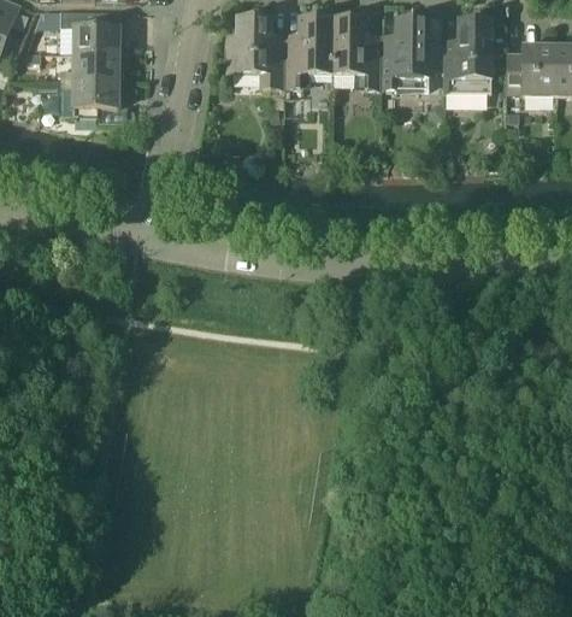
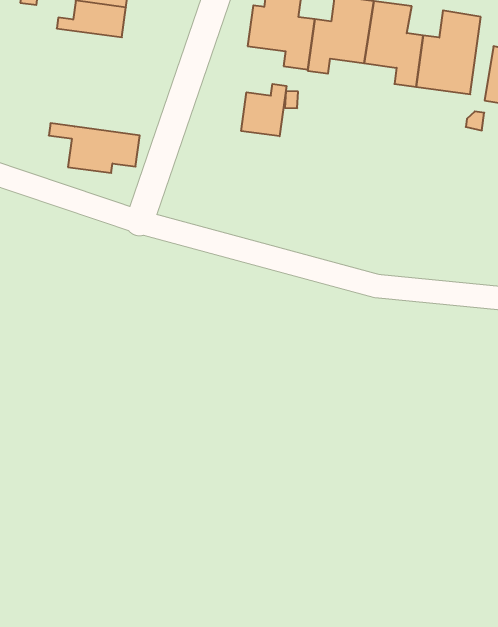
building: [40,77,119,113] -> [49,123,140,173]
building: none -> [241,84,286,136]

